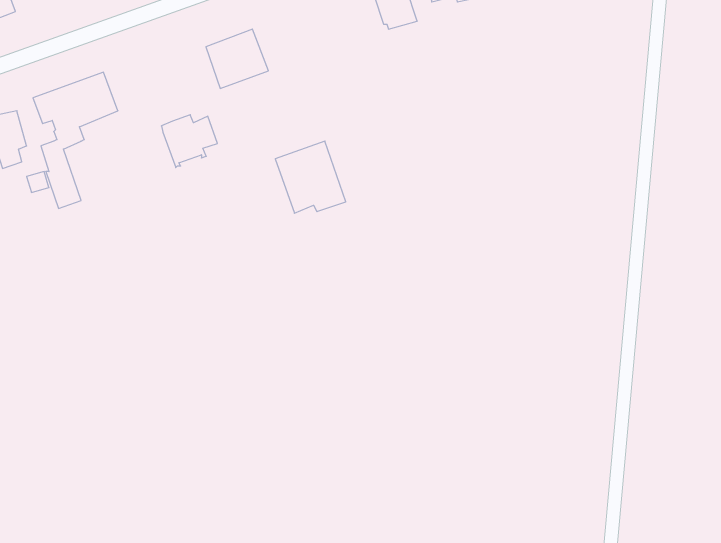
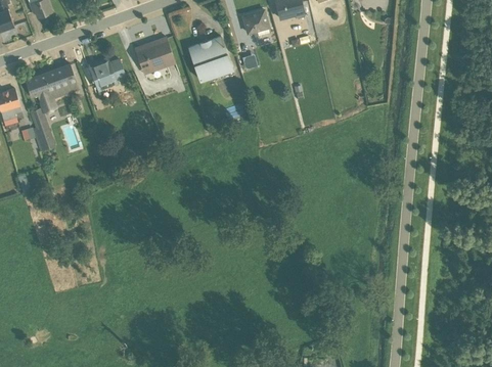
building: [161,115,217,168] -> [89,57,125,91]
building: [275,141,346,213] -> [188,35,233,81]

